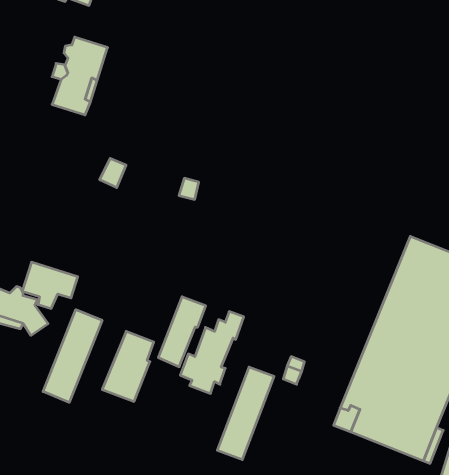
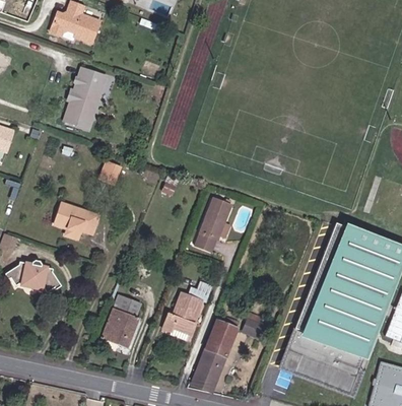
building: [22,262,78,308] -> [55,204,97,240]
building: [158,297,206,367] -> [195,199,231,253]
building: [43,310,102,402] -> none

